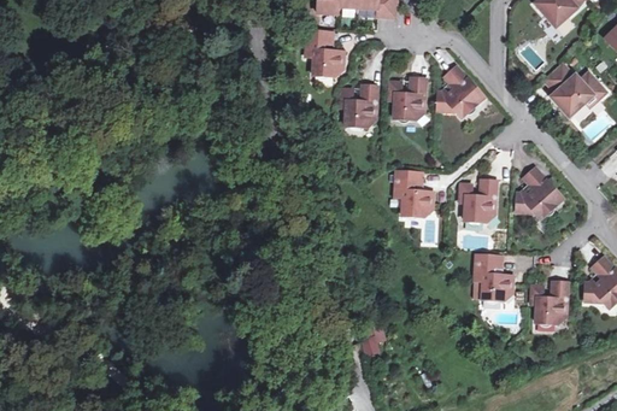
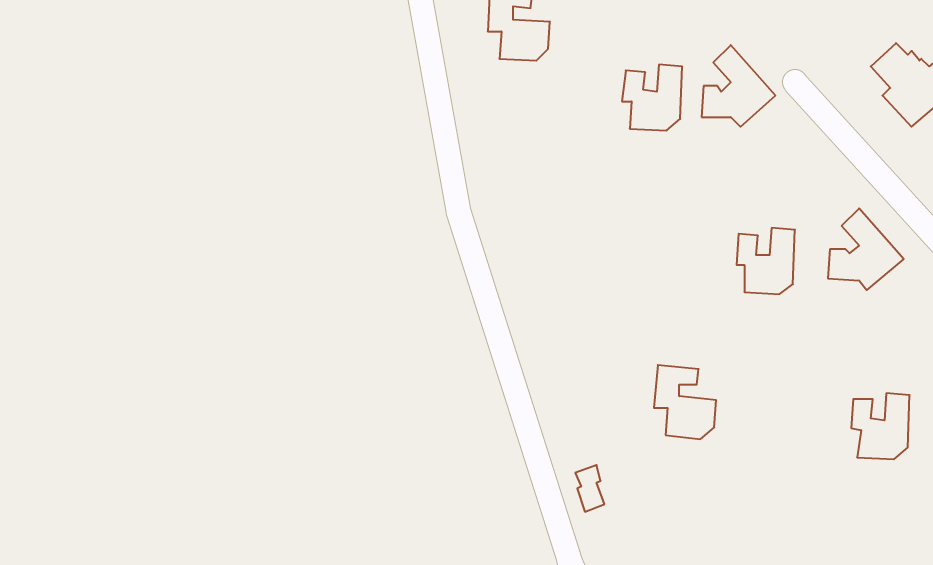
building: [340,84,377,127] -> none
building: [394,170,433,215] -> none
building: [474,253,512,299] -> [654,365,716,439]

